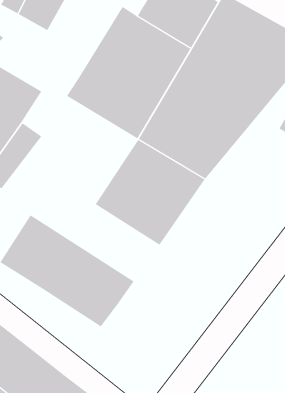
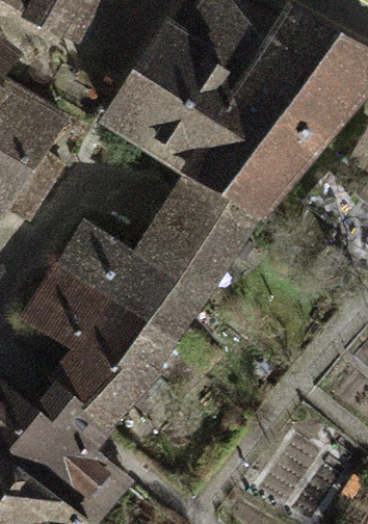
building: none -> [54,219,208,341]
building: none -> [28,349,138,452]

